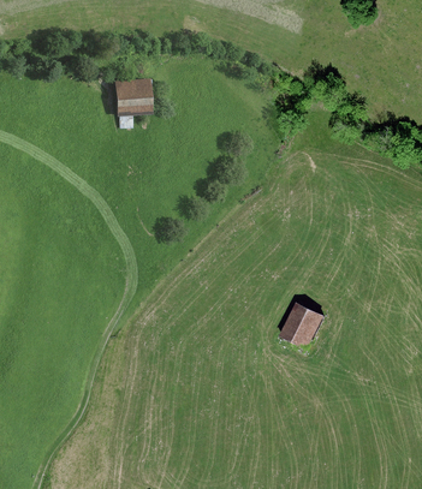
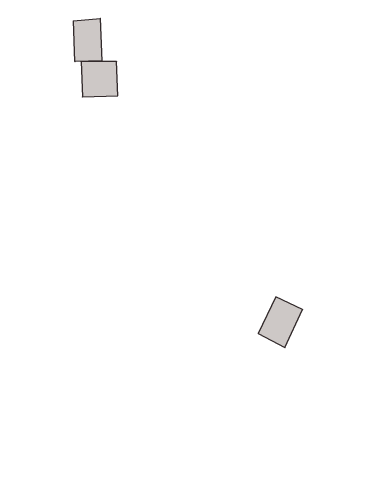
building: none -> [73,18,102,62]

